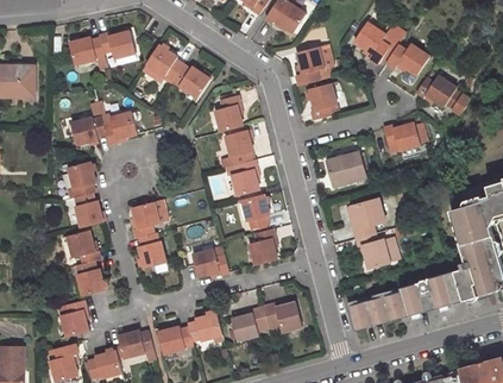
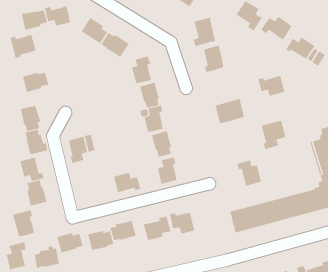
building: [102,113,138,145] -> [9,34,36,59]
building: [350,200,383,239] -> [261,120,286,150]
building: [138,233,165,269] -> none

